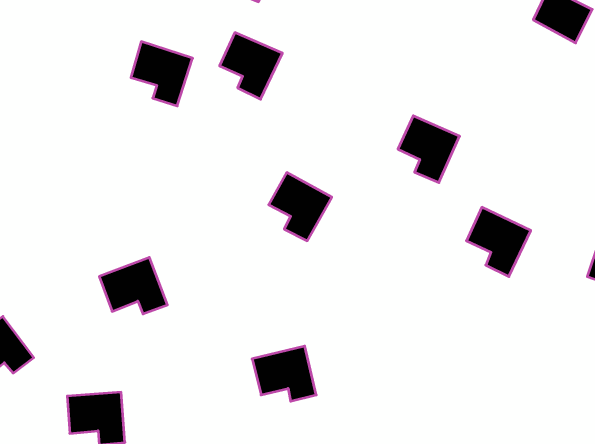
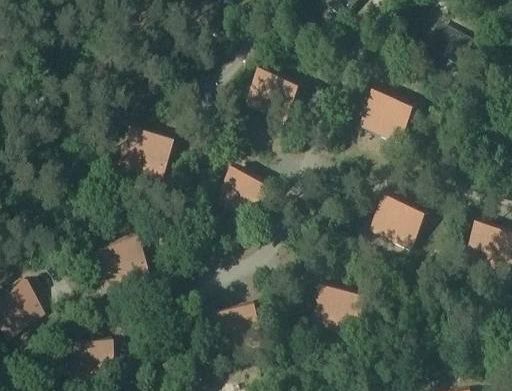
building: [220,33,282,99] -> [251,70,300,122]
building: [131,42,193,106] -> [123,124,171,174]
building: [398,116,460,183] -> [366,91,414,143]
building: none -> [318,283,366,332]

